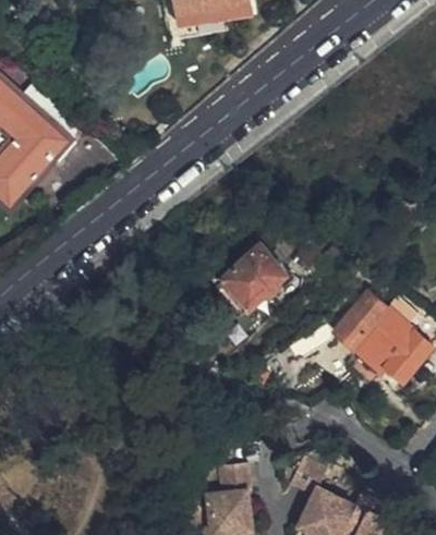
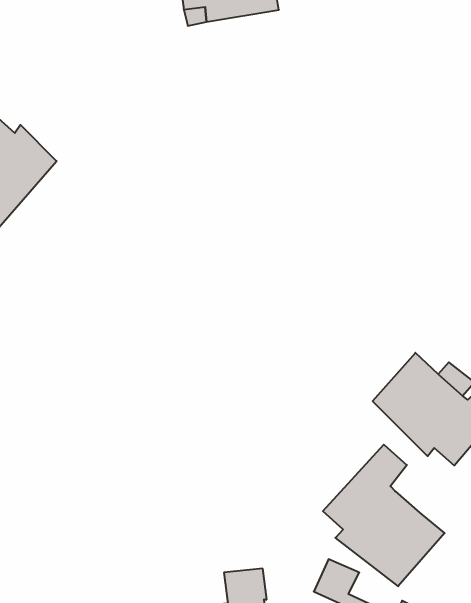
building: [221,247,284,309] -> none
building: none -> [323,445,445,586]

